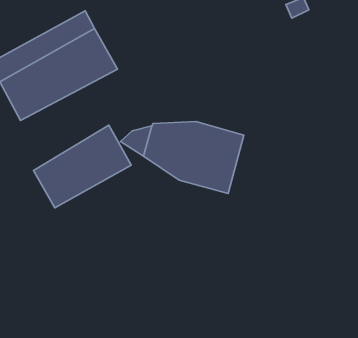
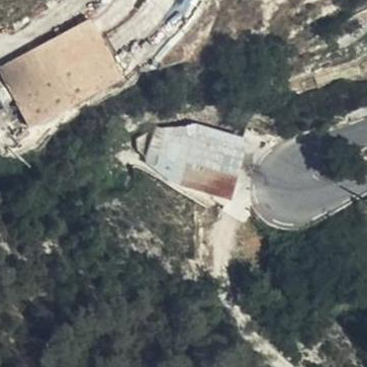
building: [33,125,131,208] -> none

